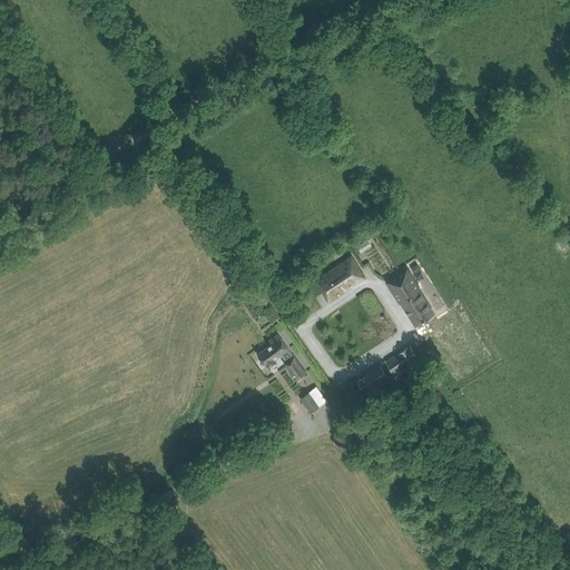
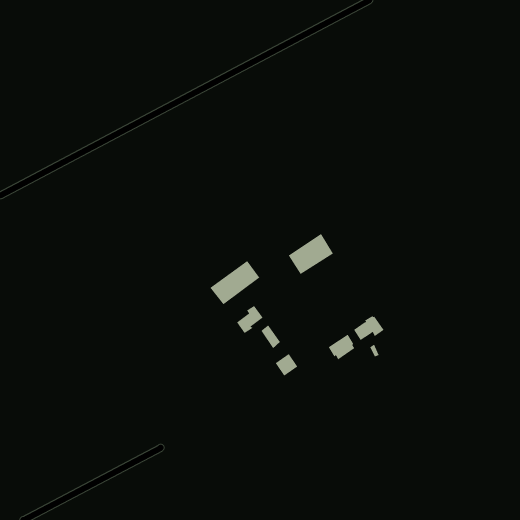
building: [386,268,434,324] -> none
building: none -> [209,260,260,305]

